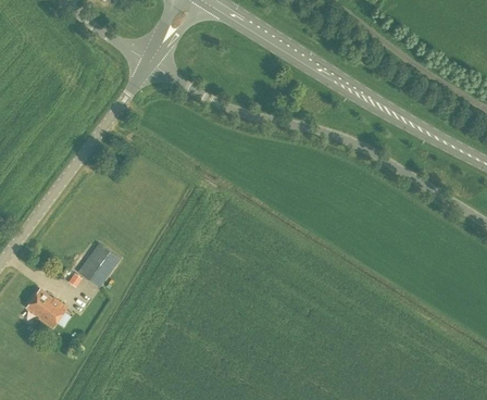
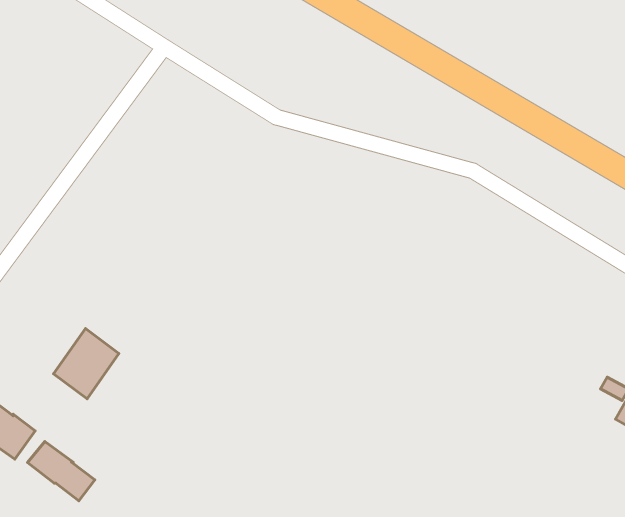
building: none -> [28,441,95,501]

